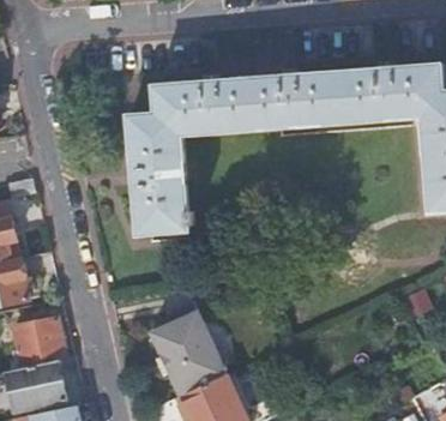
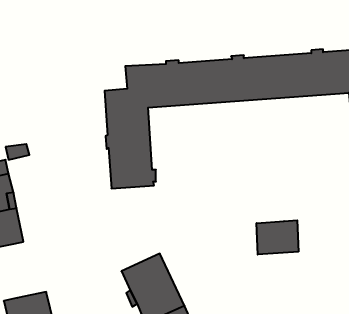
building: none -> [257,220,298,255]
building: [14,319,67,367] -> none

